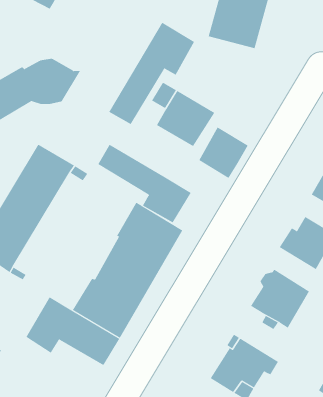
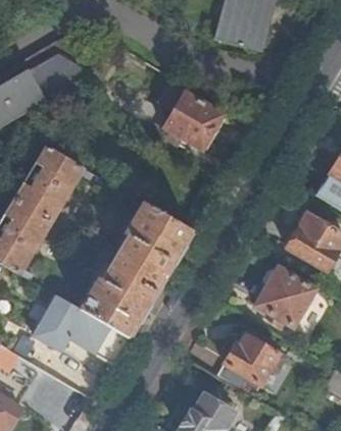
building: [109,22,195,125] -> none
building: [199,127,249,179] -> none
building: [98,144,191,223] -> none

